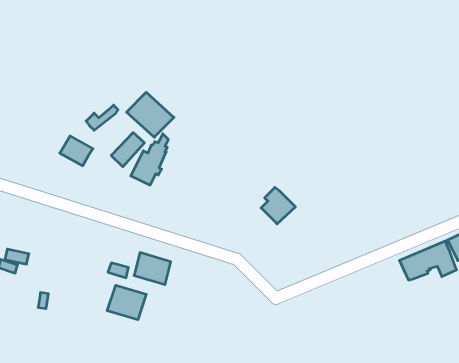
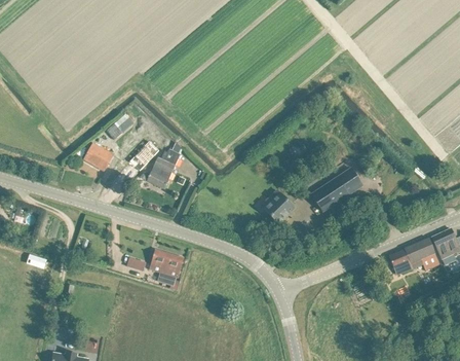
building: [127,92,174,137] -> none
building: none -> [311,167,365,212]
building: [107,285,146,320] -> none

